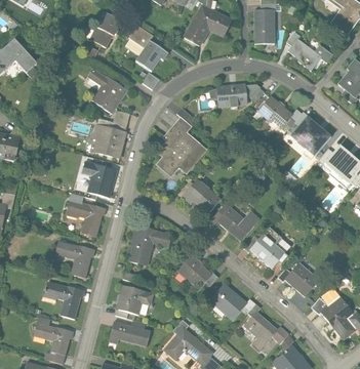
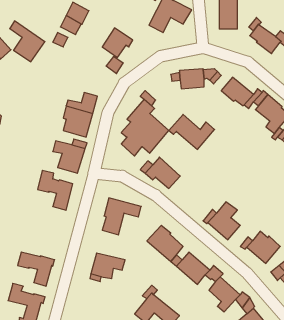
building: [86,70,124,114] -> [10,21,45,62]
building: [208,204,257,242] -> [169,114,215,149]
building: [53,243,92,279] -> none
building: [113,319,155,345] -> none

